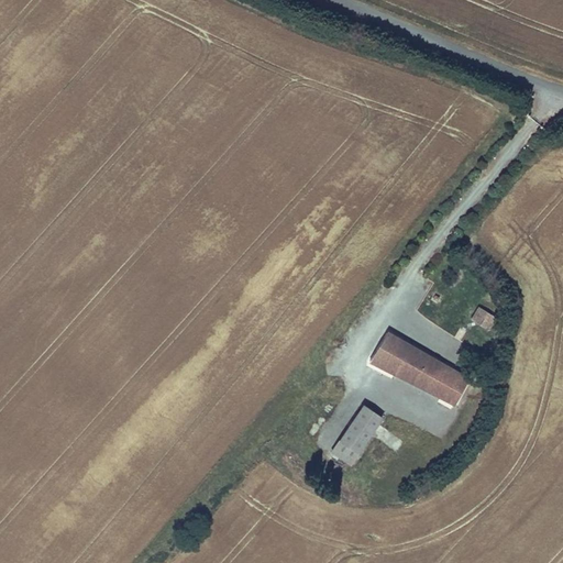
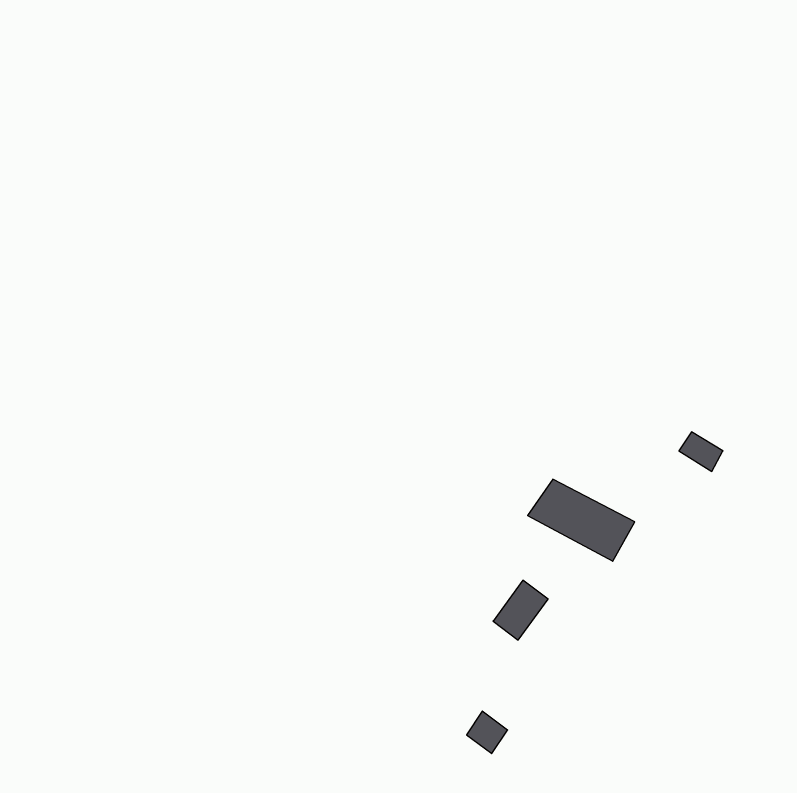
building: [428,364,468,406] -> none
building: [333,433,362,463] -> [467,711,508,754]

